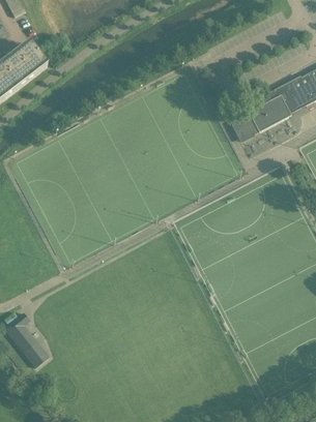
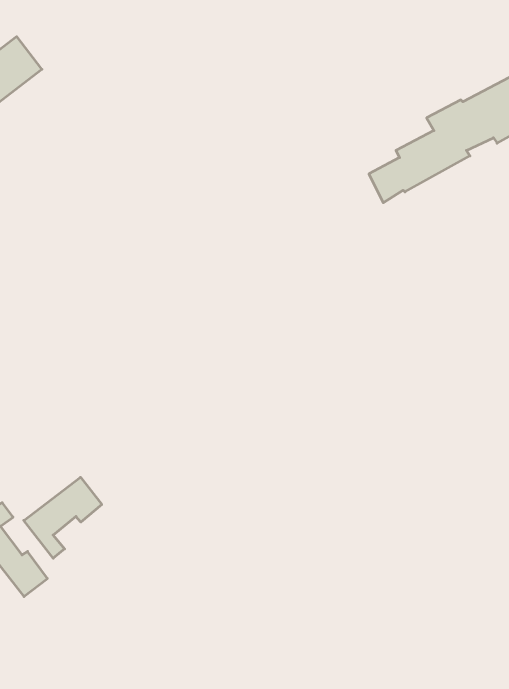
building: none -> [24,477,102,558]

